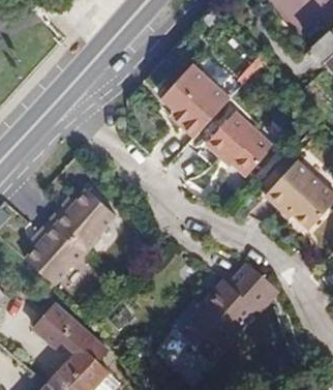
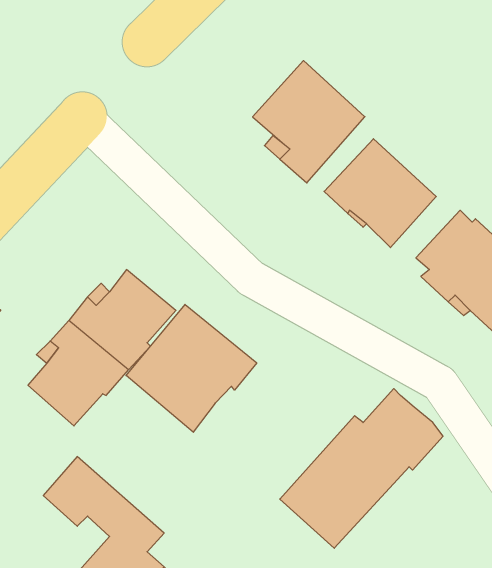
building: none -> [126,304,257,432]

